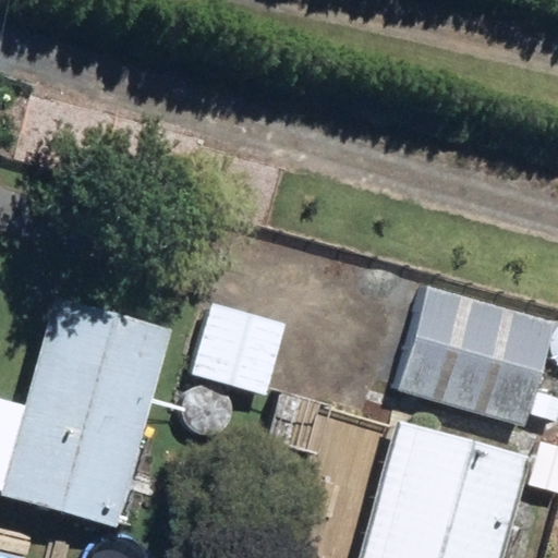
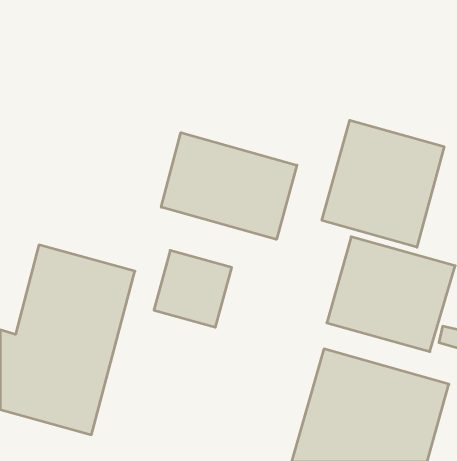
building: none -> [322,120,444,247]
building: none -> [161,133,297,239]

